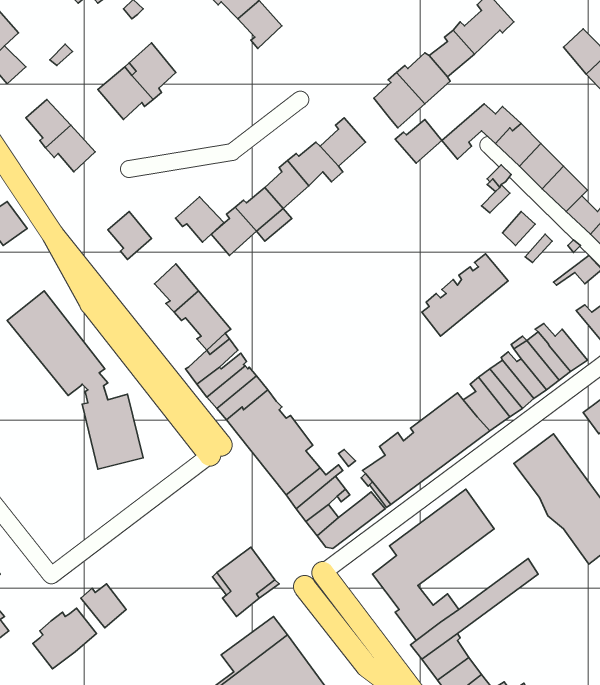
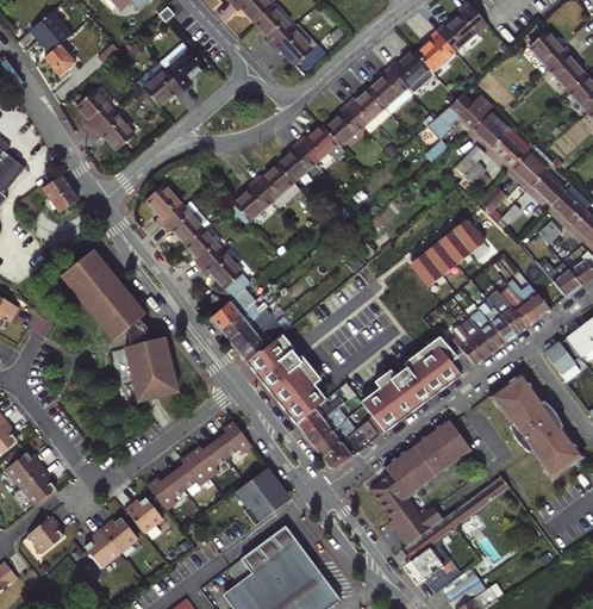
building: none -> [273,23,318,66]
building: [395,119,442,163] -> [345,88,385,125]
building: [176,197,224,242] -> [163,206,204,244]
building: none -> [146,421,252,510]

